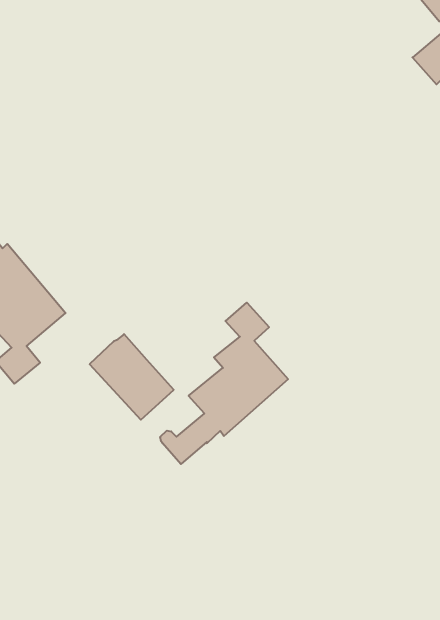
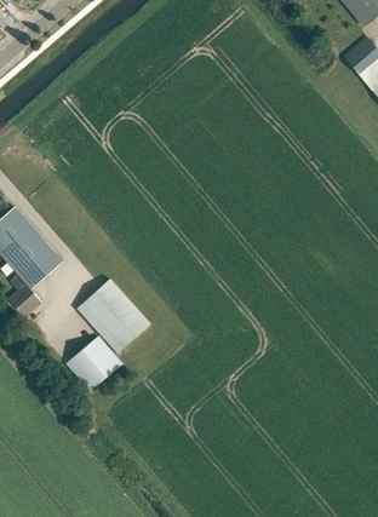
building: [160,303,288,464] -> none
building: none -> [67,335,122,391]

